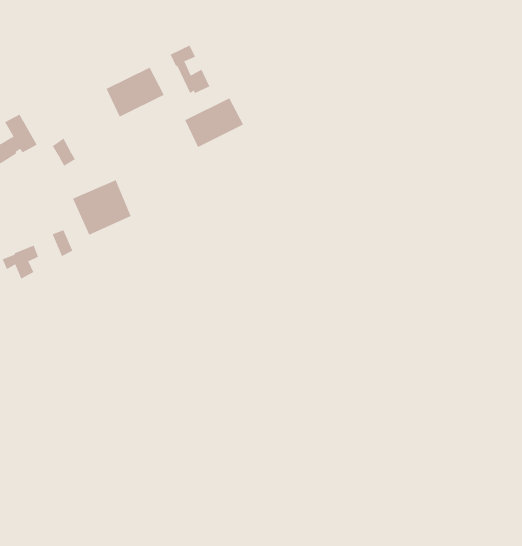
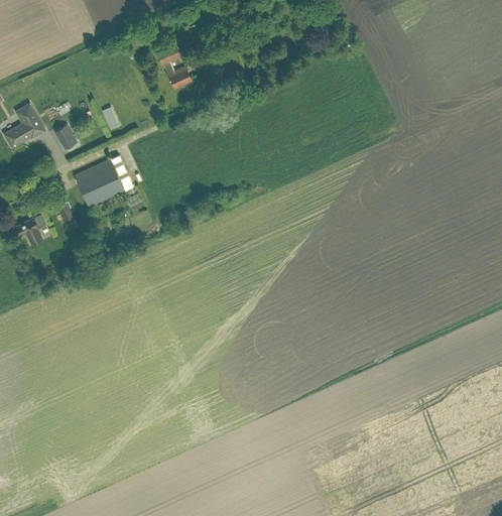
building: [106,67,164,118] -> none
building: [185,98,244,148] -> none

